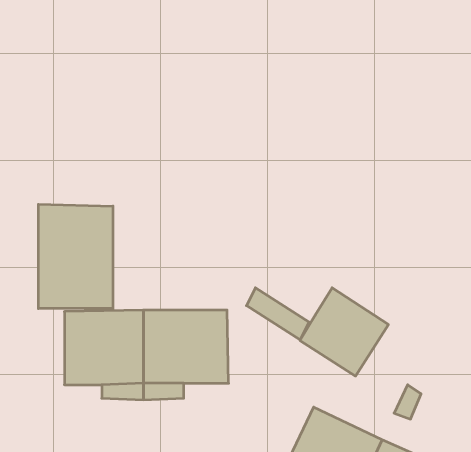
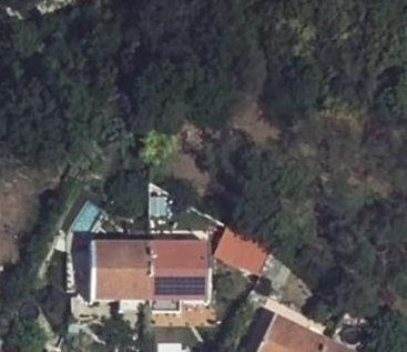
building: [38,204,113,309] -> none
building: [300,288,388,376] -> none

